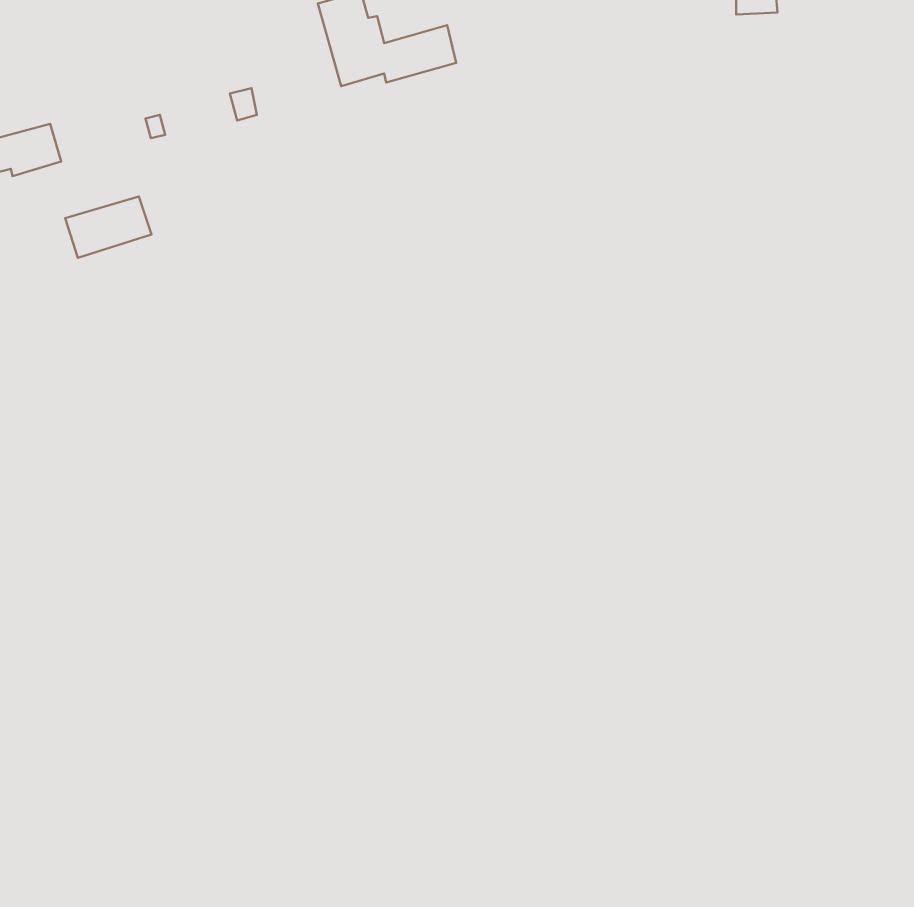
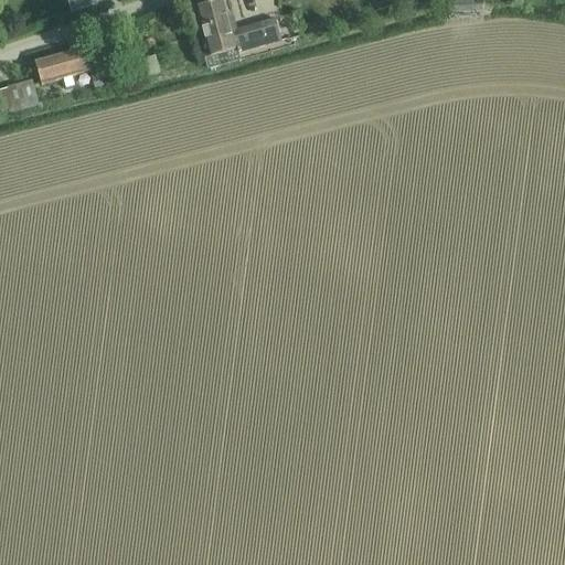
building: [65,197,151,258] -> [38,45,90,83]

